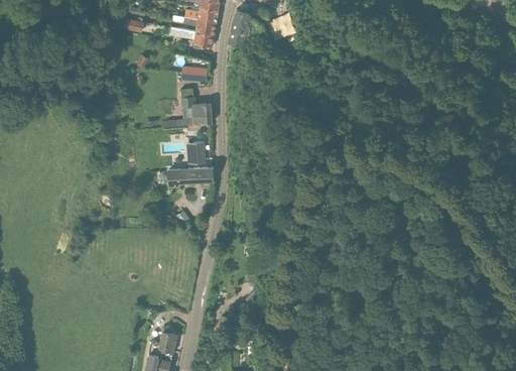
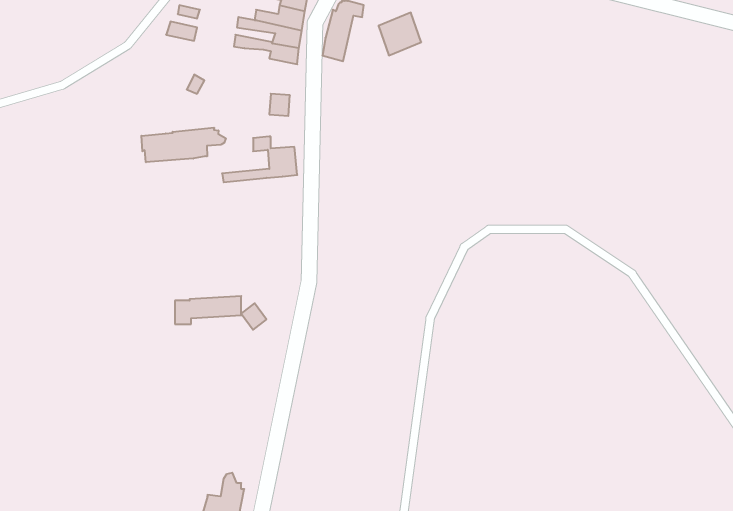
building: none -> [141,128,226,162]
building: [186,140,206,163] -> none
building: [168,166,214,186] -> [175,296,241,324]

